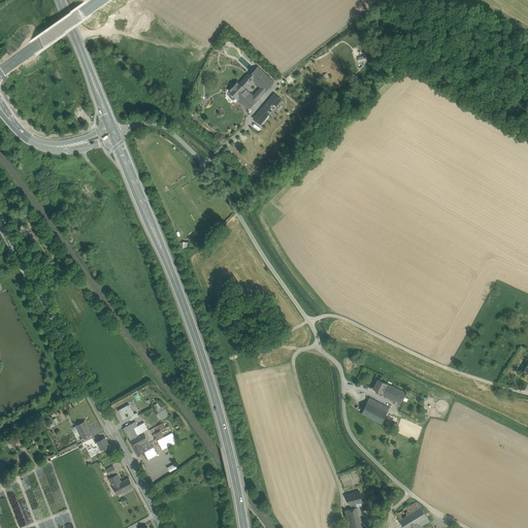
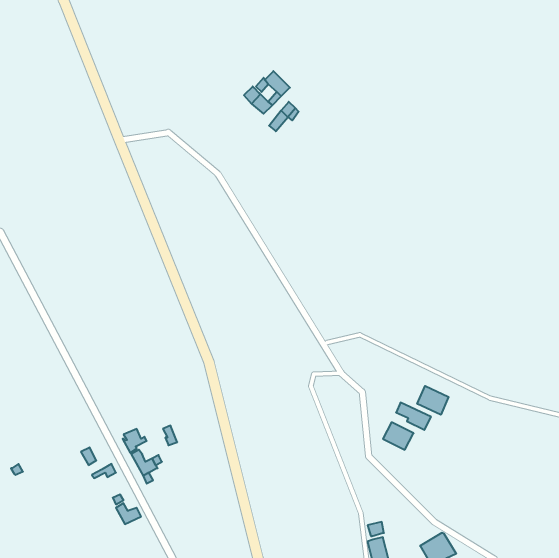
building: none -> [417,386,449,415]

